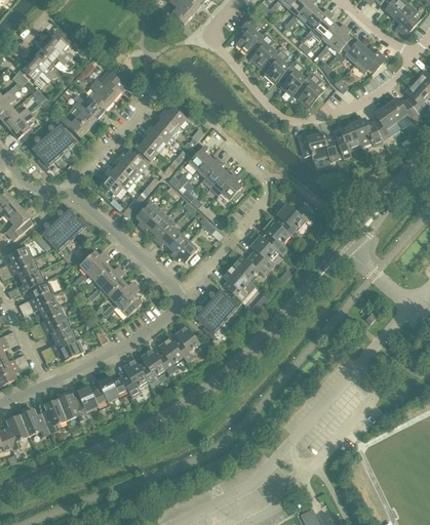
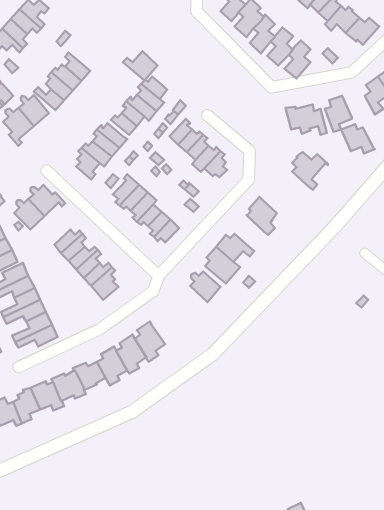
building: [92,72,125,99] -> [123,51,158,81]
building: [351,118,383,146] -> [341,124,375,153]
building: [276,203,310,239] -> [292,152,328,190]
building: [249,234,277,270] -> none
building: [195,302,224,337] -> none
building: [171,325,199,361] -> none

